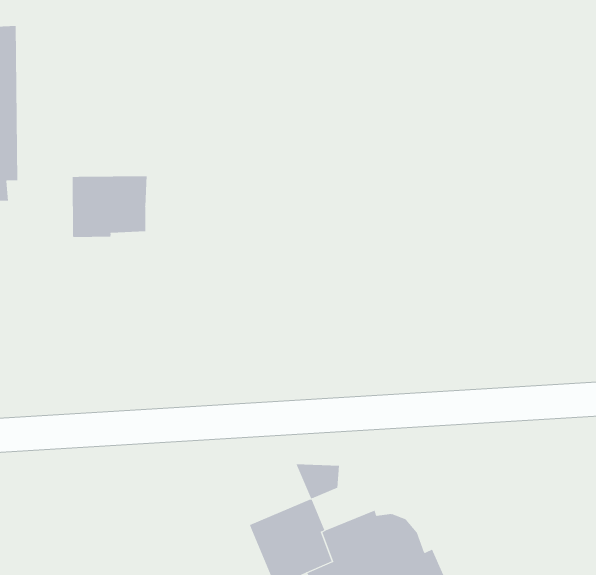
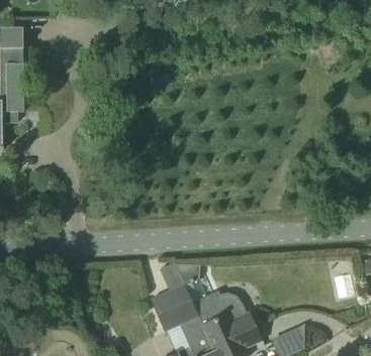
building: [72,175,147,238] -> none

